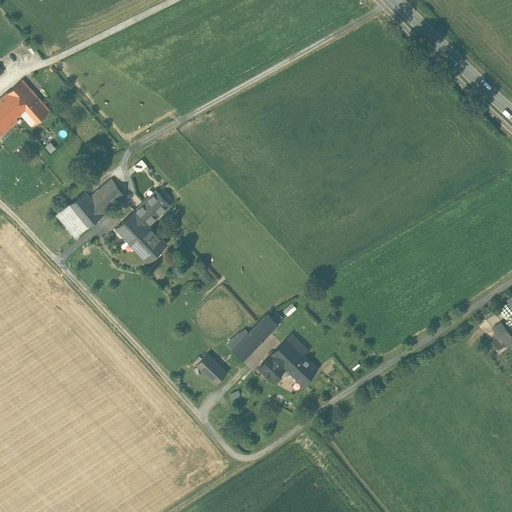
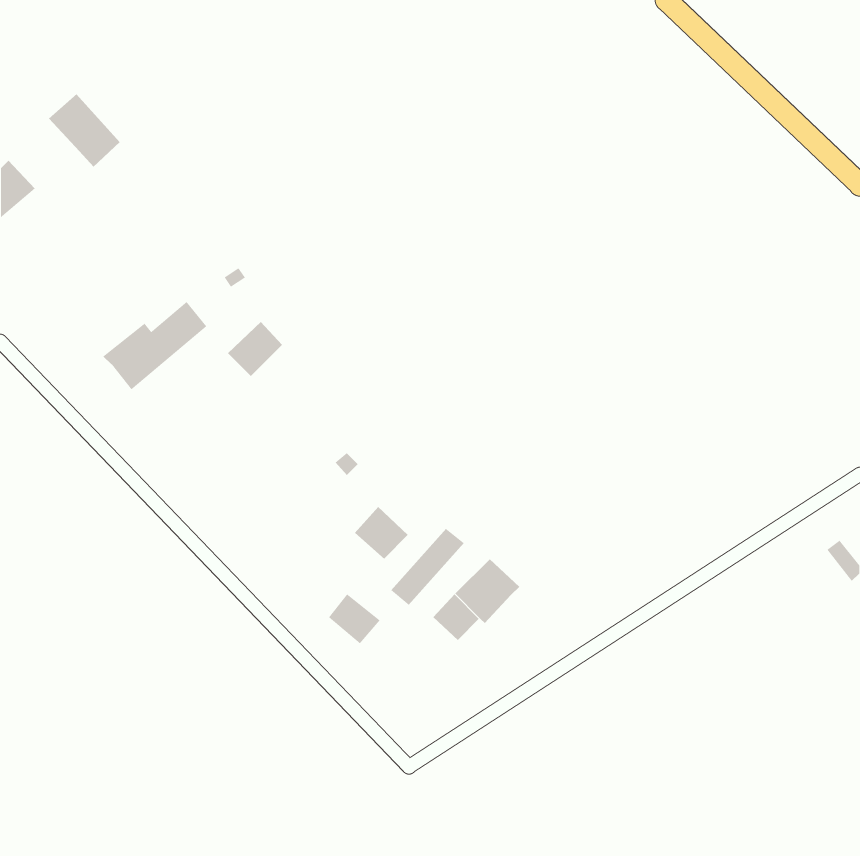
building: [5,82,48,126] -> [48,93,120,167]
building: [117,212,166,262] -> none
building: none -> [354,506,409,560]
building: [288,356,318,386] -> none

